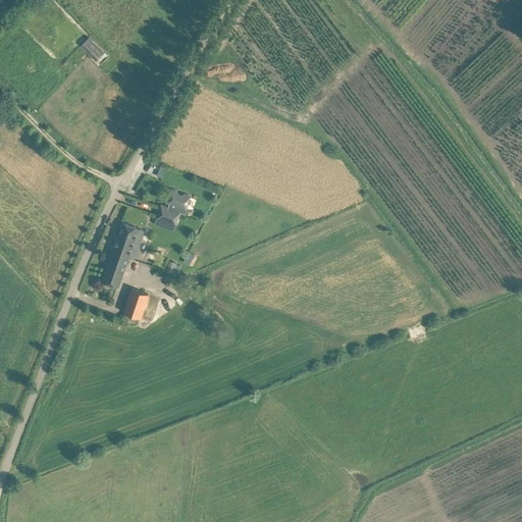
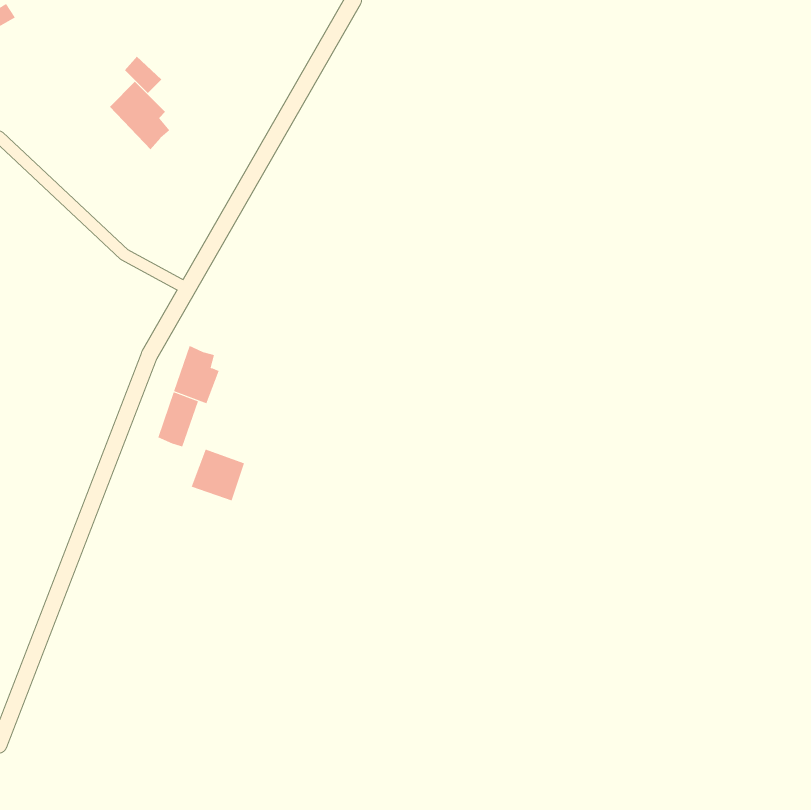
building: none -> [109,81,170,150]
building: [155,192,190,226] -> none

